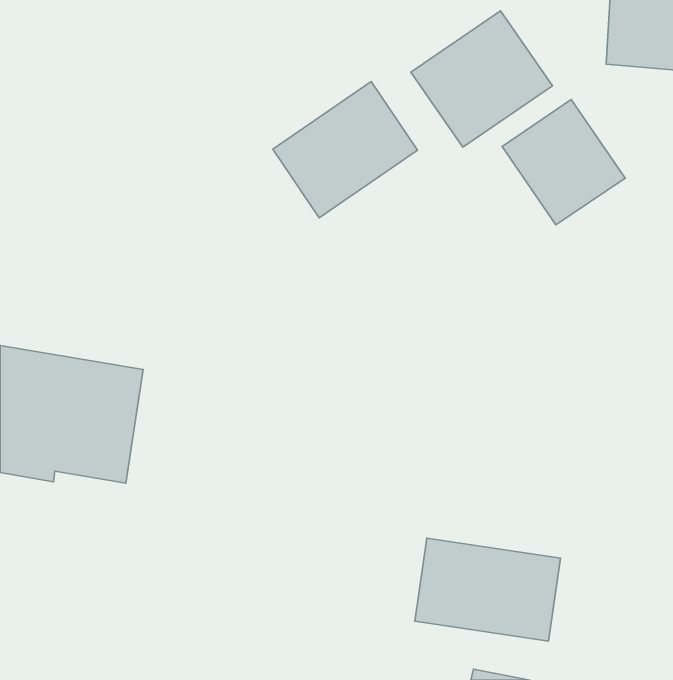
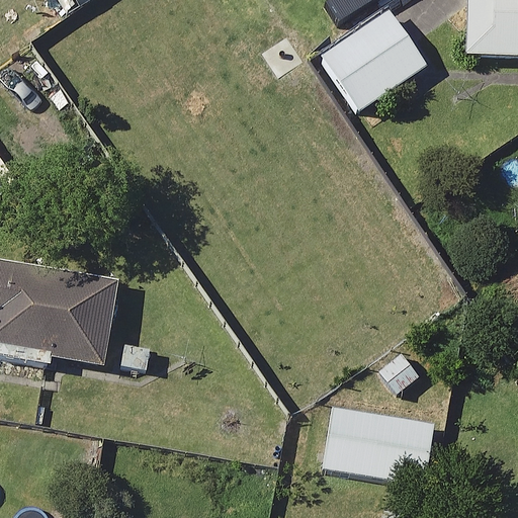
building: [273,81,418,218] -> none
building: [502,100,625,225] -> none

